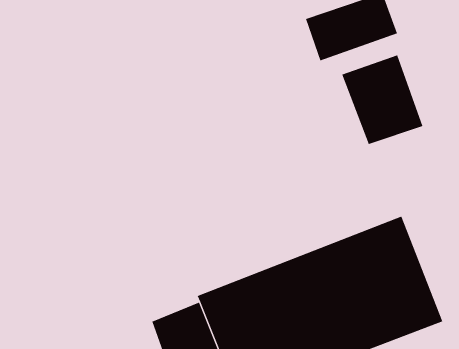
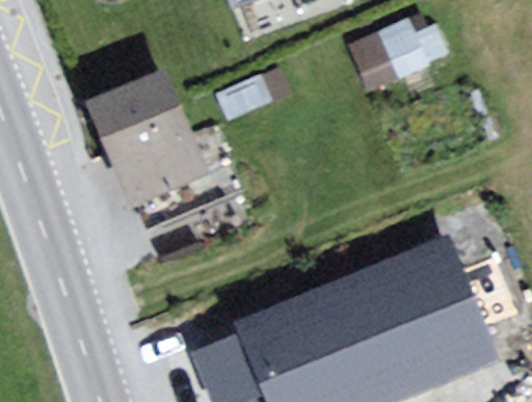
building: [341,54,423,145] -> none
building: none -> [89,76,205,209]

